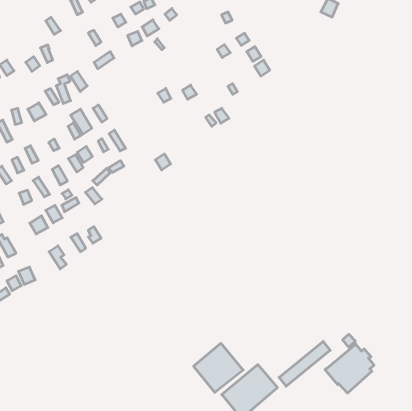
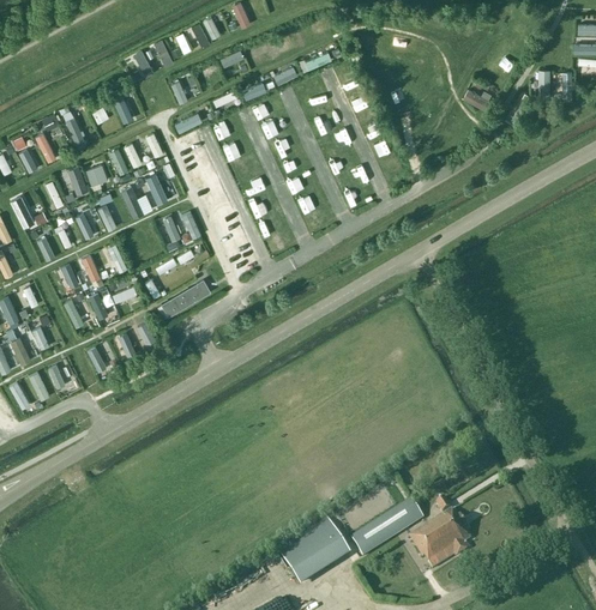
building: none -> [161,278,211,318]
building: [194,343,243,392] -> none

